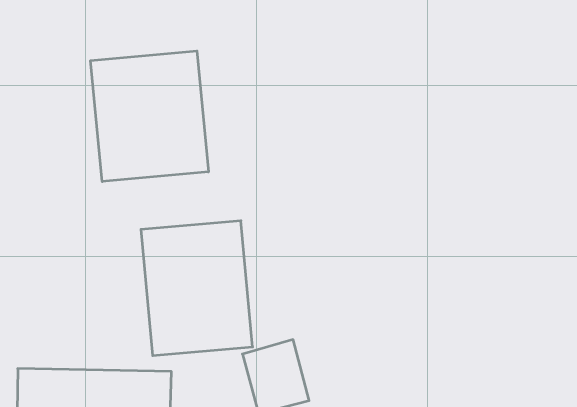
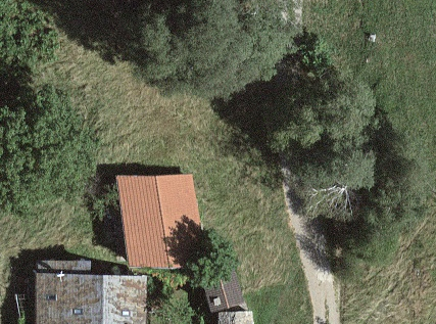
building: [91,51,208,182] -> none

